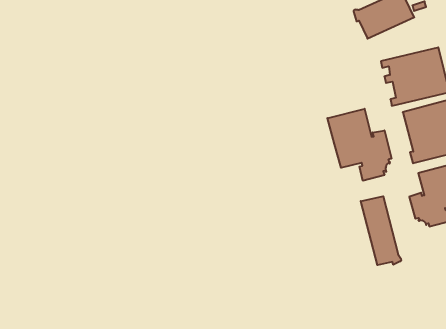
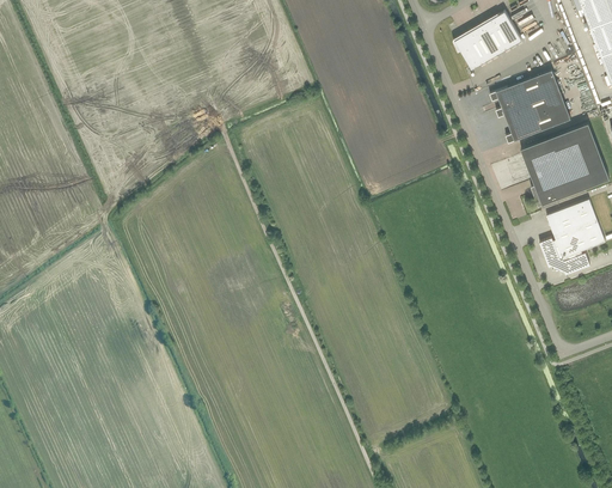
building: [327,109,391,181] -> none
building: [361,196,401,265] -> none

